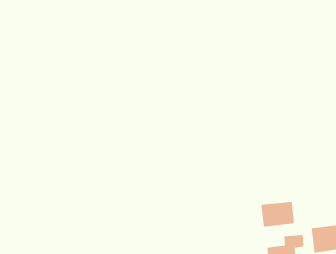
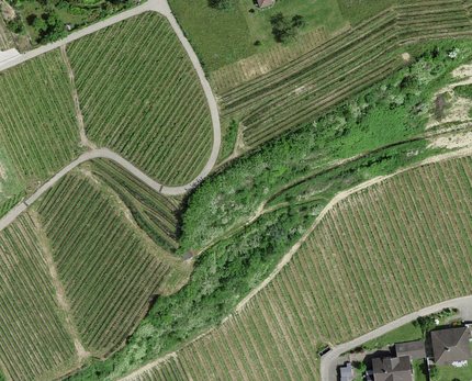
building: [261,201,294,227] -> none

